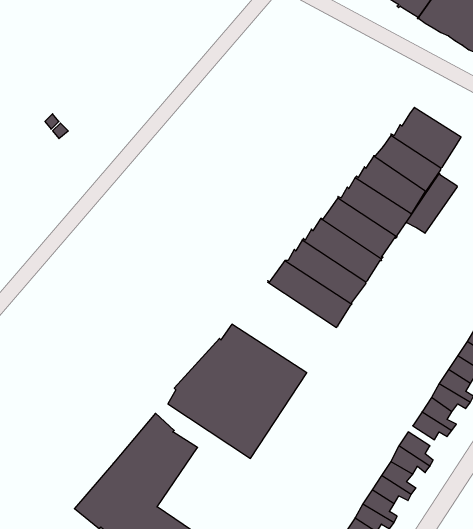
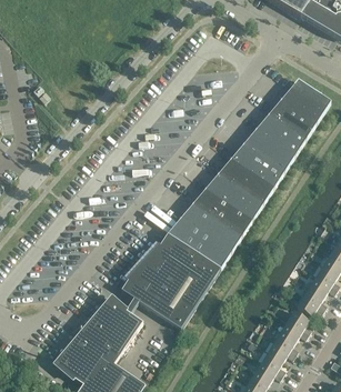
building: [406,173,457,233] -> none
building: none -> [168,202,242,267]

